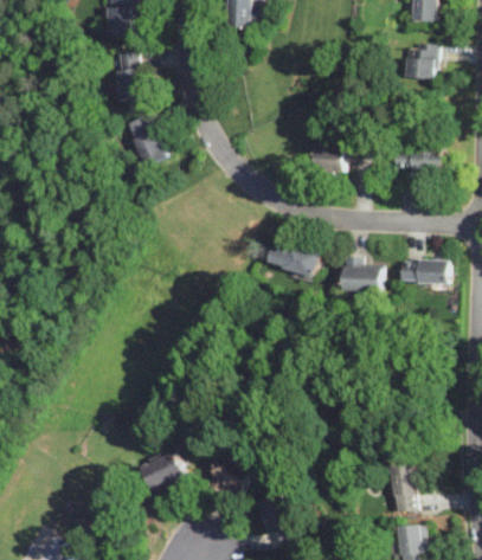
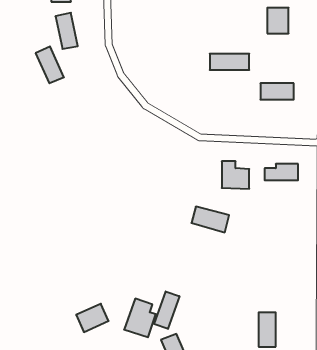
building: [127,115,166,166] -> [36,46,64,83]
building: [316,148,371,170] -> [210,54,249,70]
building: [268,240,320,276] -> [191,207,229,232]
building: none -> [154,291,179,329]

